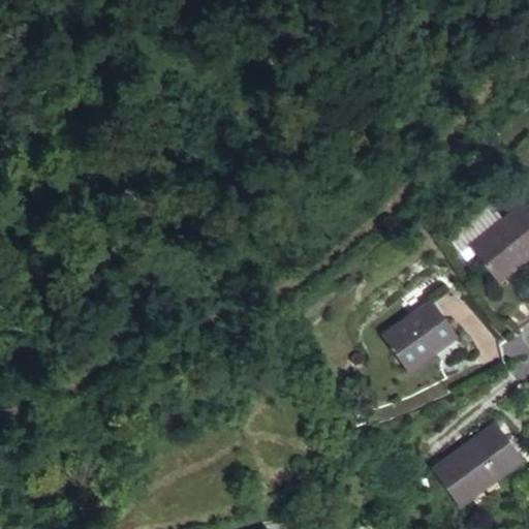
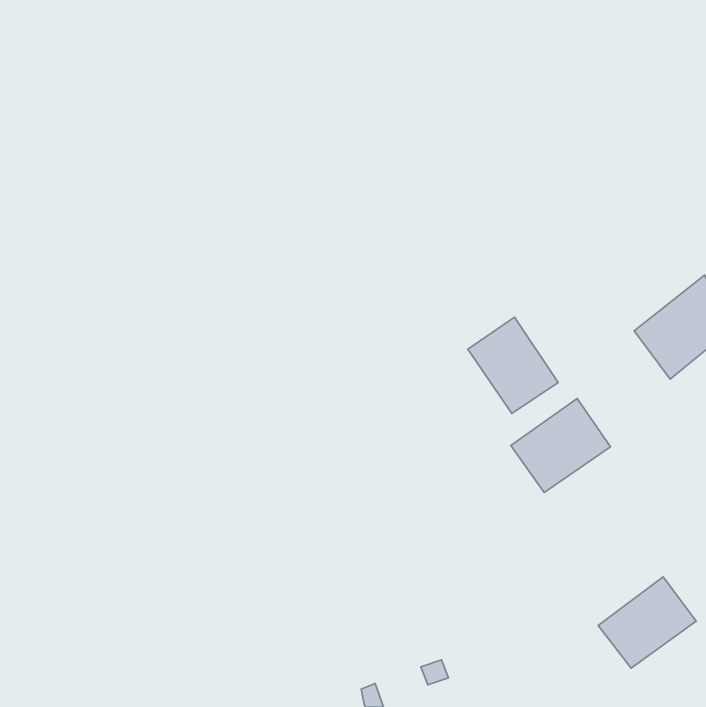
building: none -> [468,317,558,413]

